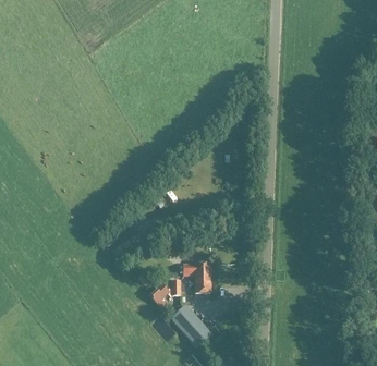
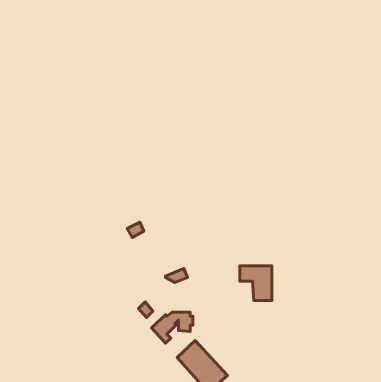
building: [183,263,210,292] -> [240,266,272,301]

